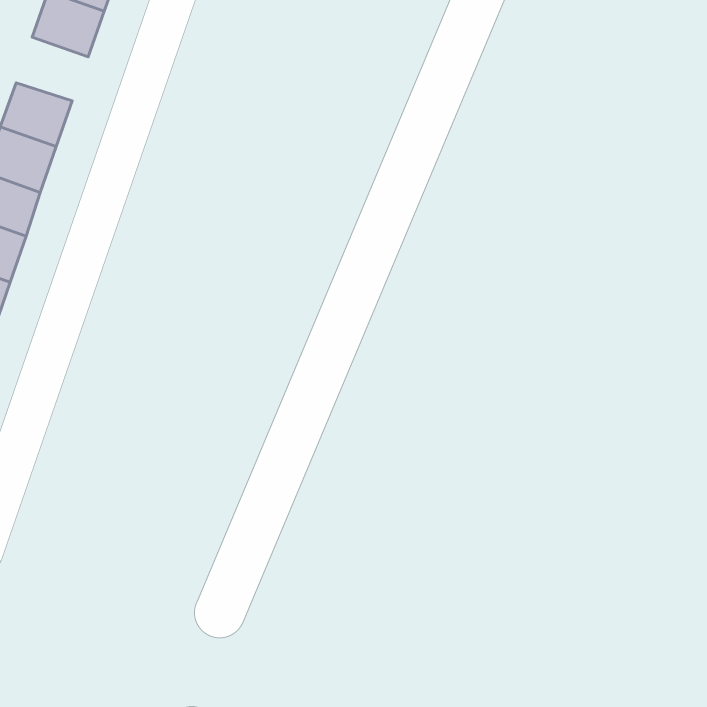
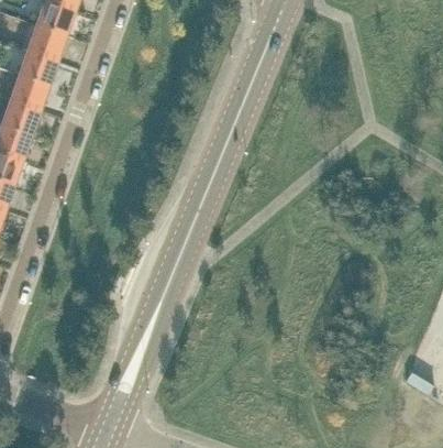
building: none -> [18,50,57,85]

